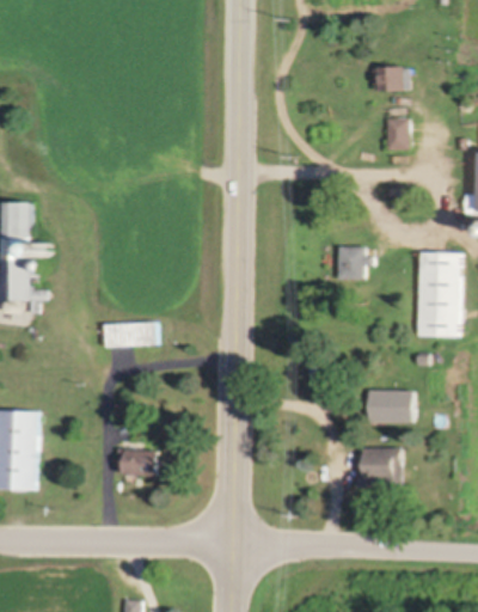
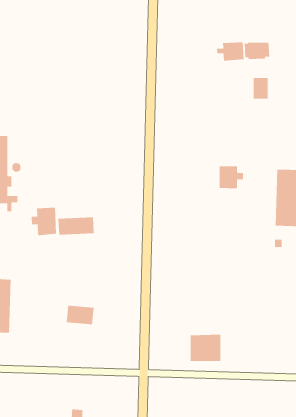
building: none -> [217,41,244,62]
building: none -> [31,207,57,236]
building: [369,390,415,423] -> none
building: [357,448,403,488] -> [190,334,221,361]

